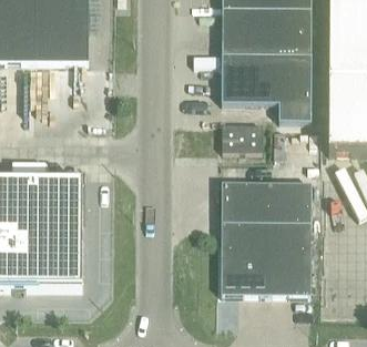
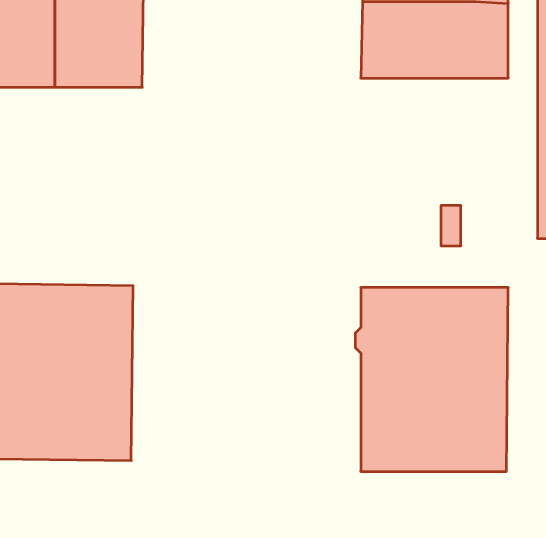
building: [221,53,310,119] -> none
building: [221,122,262,149] -> none

